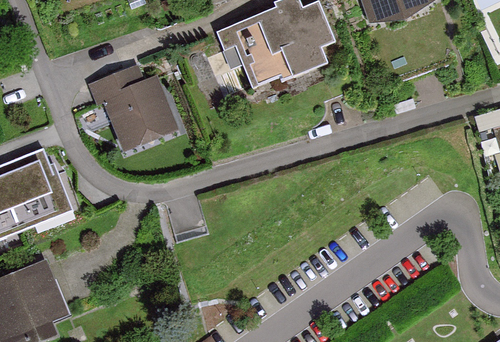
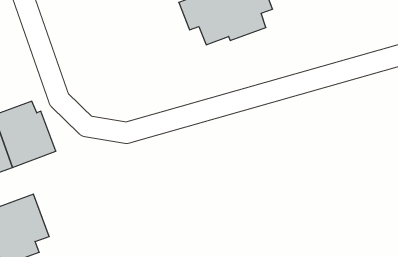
building: [94,63,185,148] -> none

